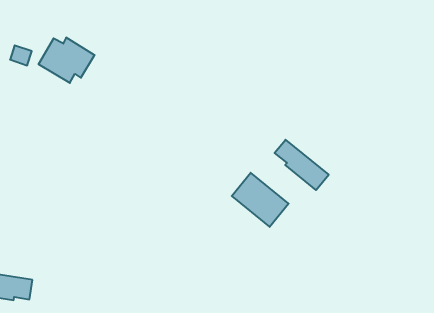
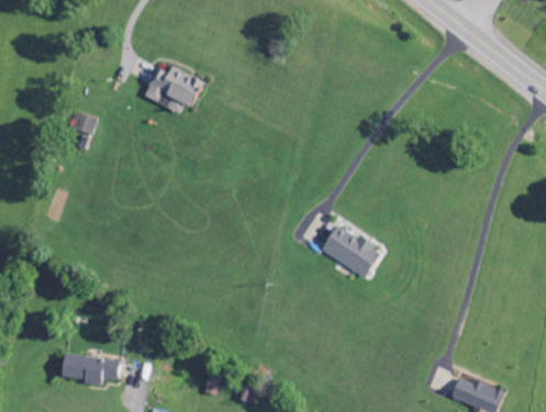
building: [38,38,95,83] -> [144,66,202,113]
building: [275,140,329,190] -> none

